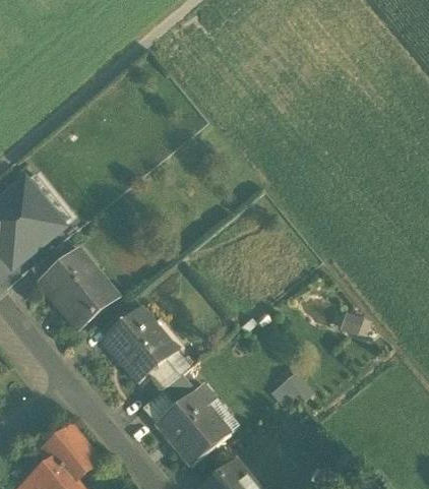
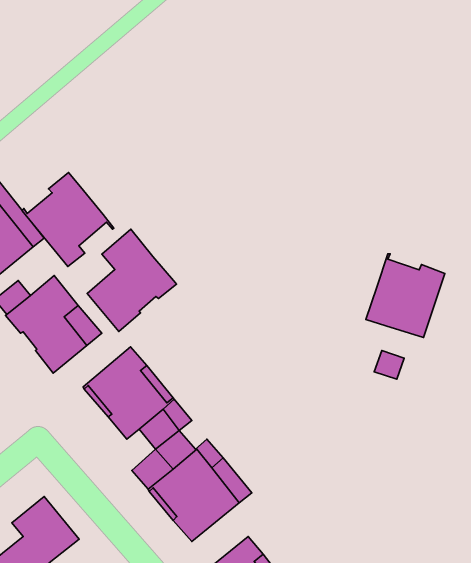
building: none -> [22,173,114,266]
building: none -> [87,229,177,332]
building: none -> [366,254,445,337]
building: [269,371,312,406] -> none

